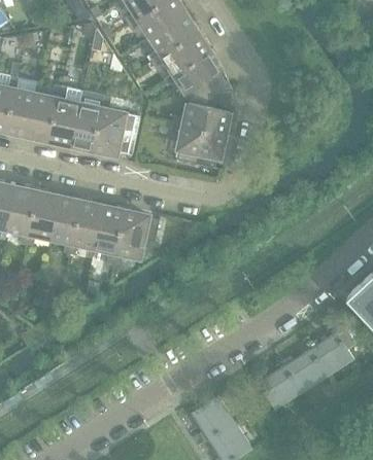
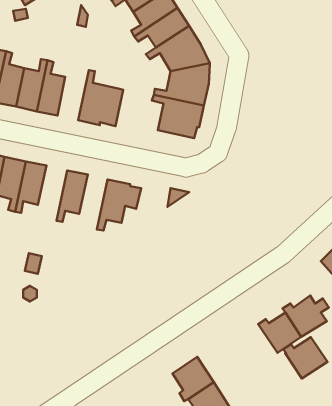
building: [70,95,103,149] -> none
building: [49,197,80,254] -> none
building: [93,206,123,263] -> none
building: [255,366,301,410] -> [283,337,327,379]

